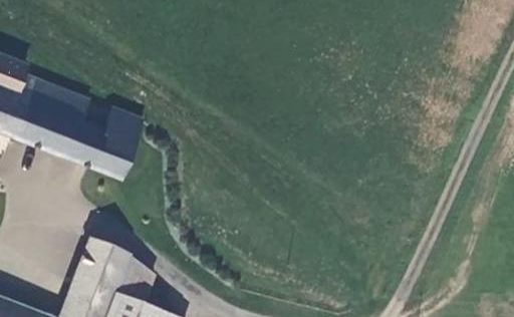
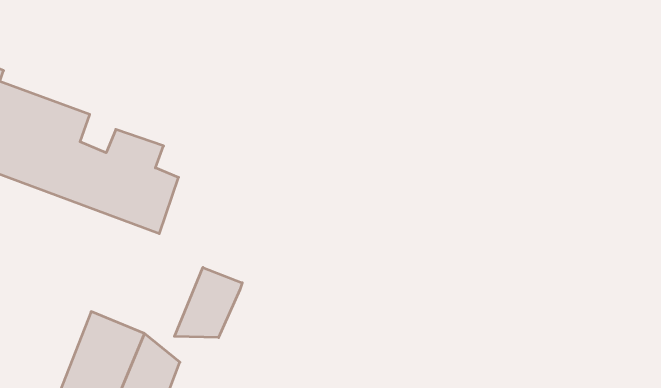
building: none -> [174,267,242,338]

